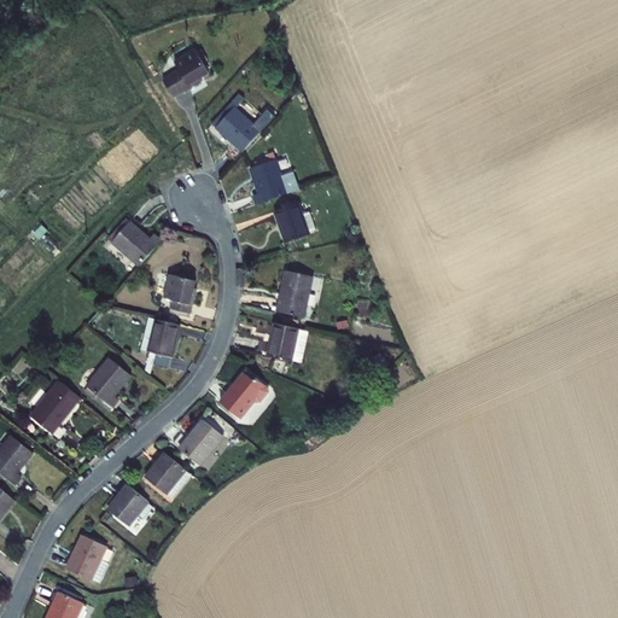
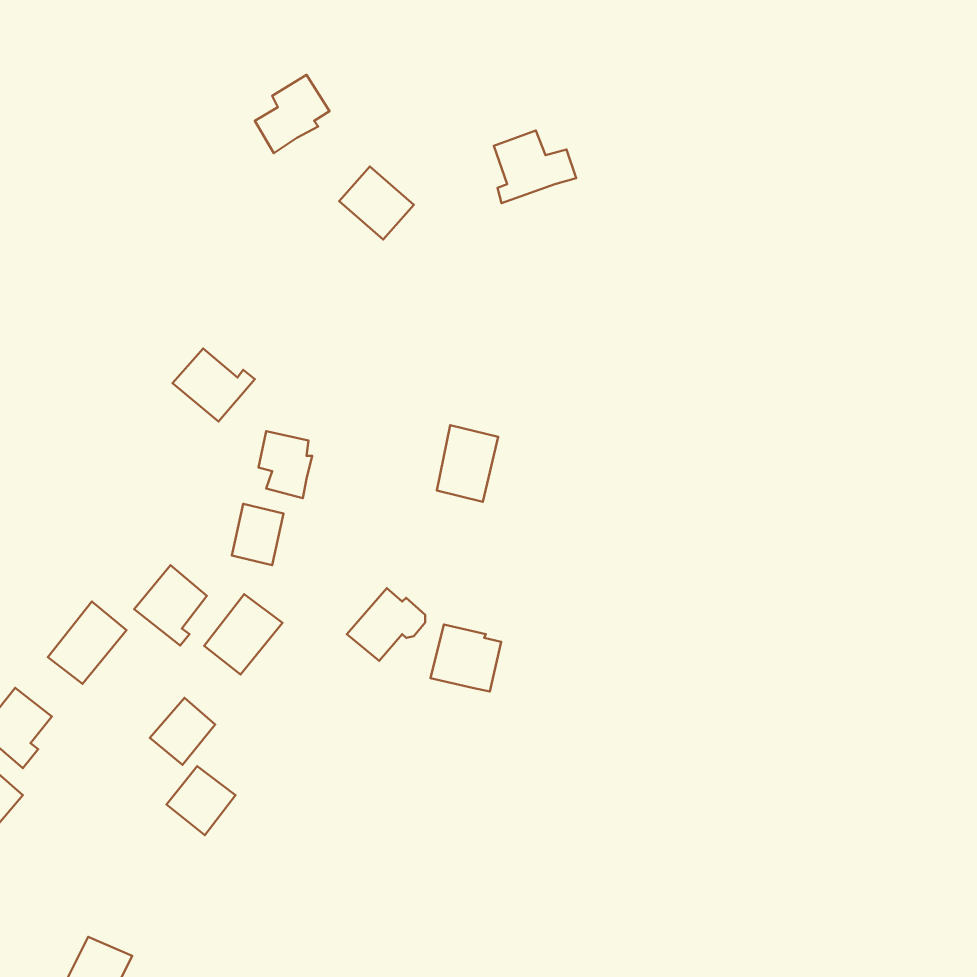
building: [247,159,299,205] -> [494,130,576,203]
building: [273,203,315,243] -> none
building: [263,321,308,363] -> [430,624,501,692]
building: [177,415,227,466] -> [204,594,283,675]
building: [144,453,185,495] -> [150,698,215,765]
building: [65,535,107,584] -> none

